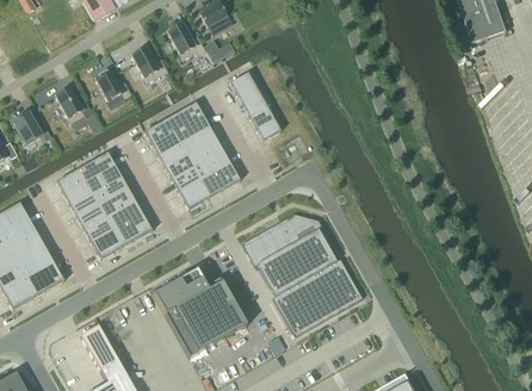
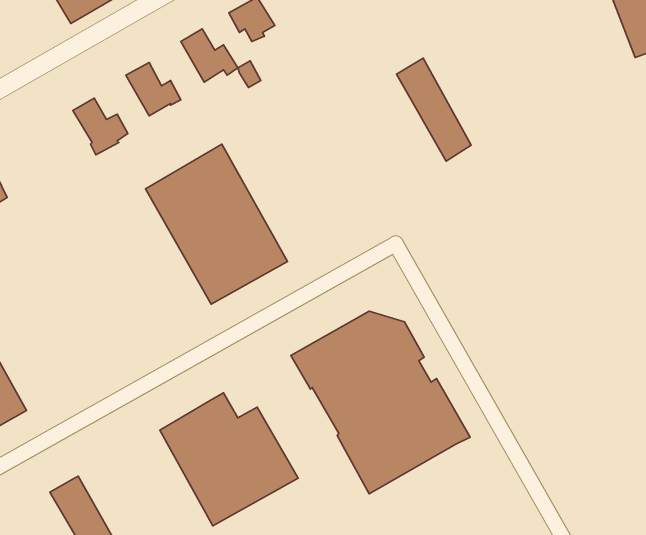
building: [230,72,280,141] -> [397,58,471,161]
building: [56,87,94,123] -> none
building: [56,151,153,259] -> none

